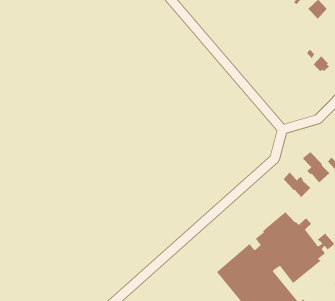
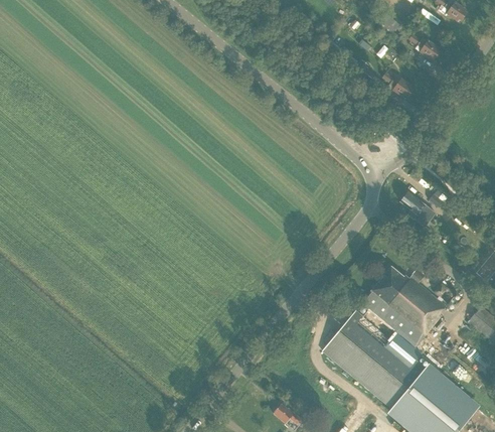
building: [283,172,311,198] -> none

